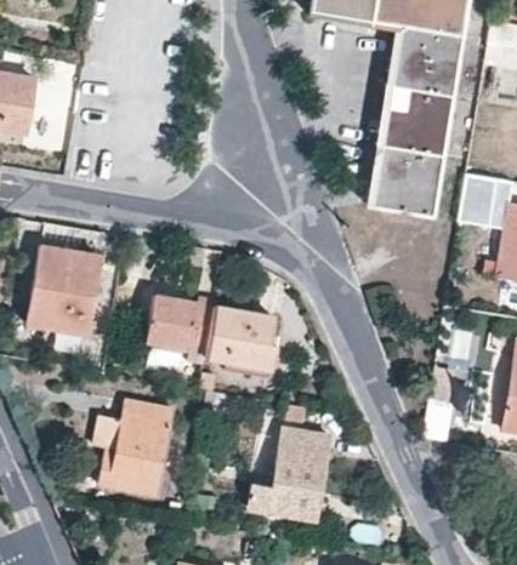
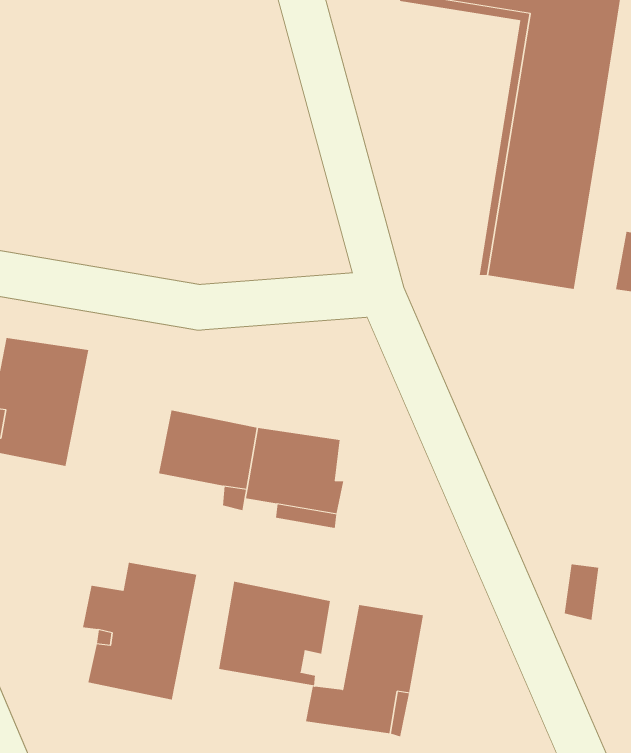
building: none -> [218,581,331,686]

